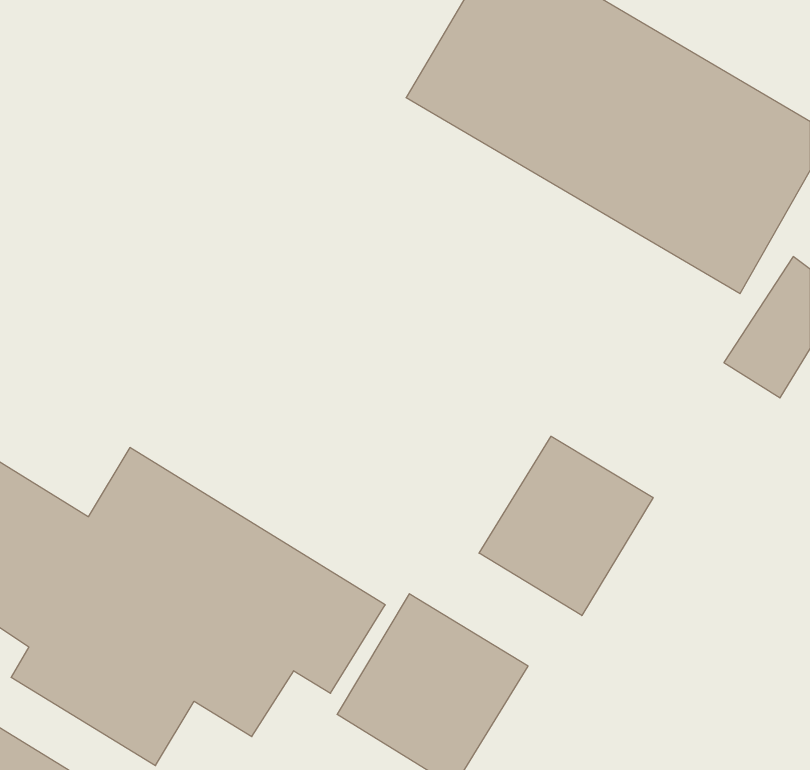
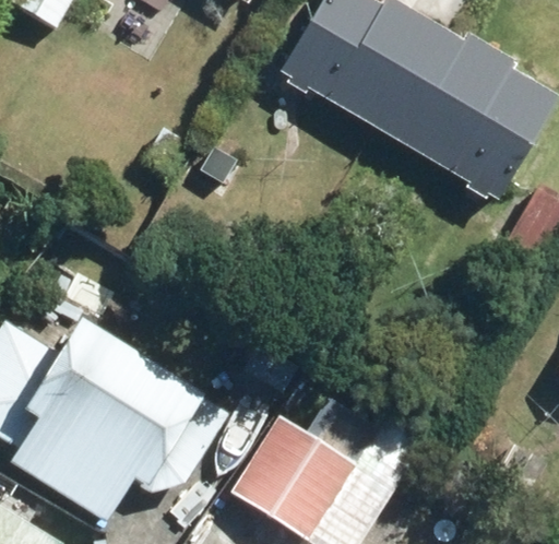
building: [479,436,653,616] -> none

